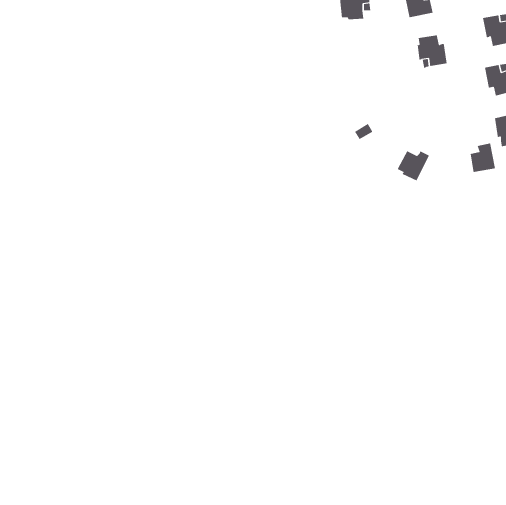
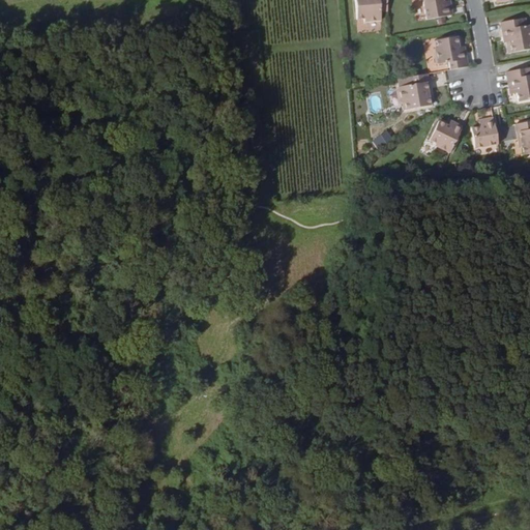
building: none -> [400,73,432,108]
building: [470,143,496,173] -> [472,116,499,147]
building: [397,150,430,181] -> [429,120,463,152]

